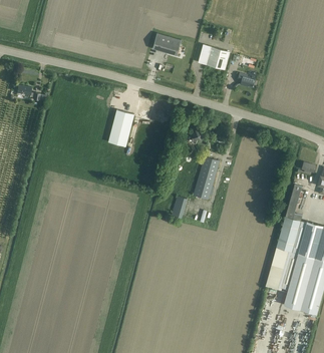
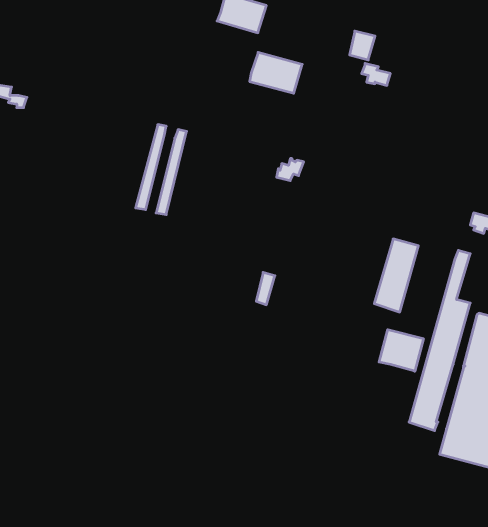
building: [198,45,229,69] -> [250,52,302,93]
building: [193,157,219,201] -> [374,239,418,312]
building: none -> [379,330,423,371]

